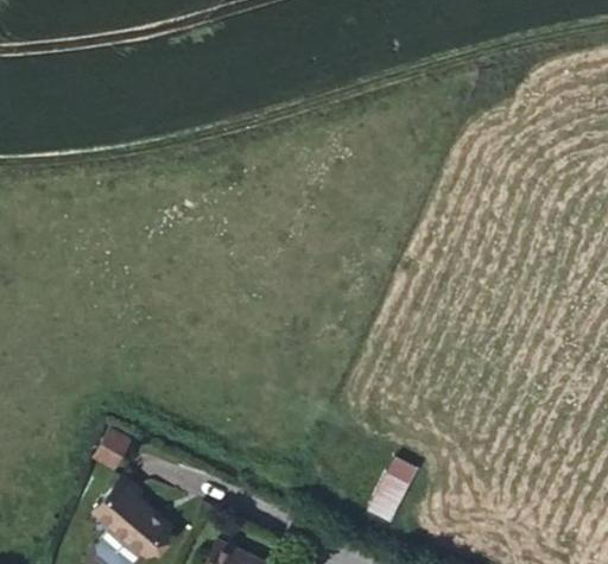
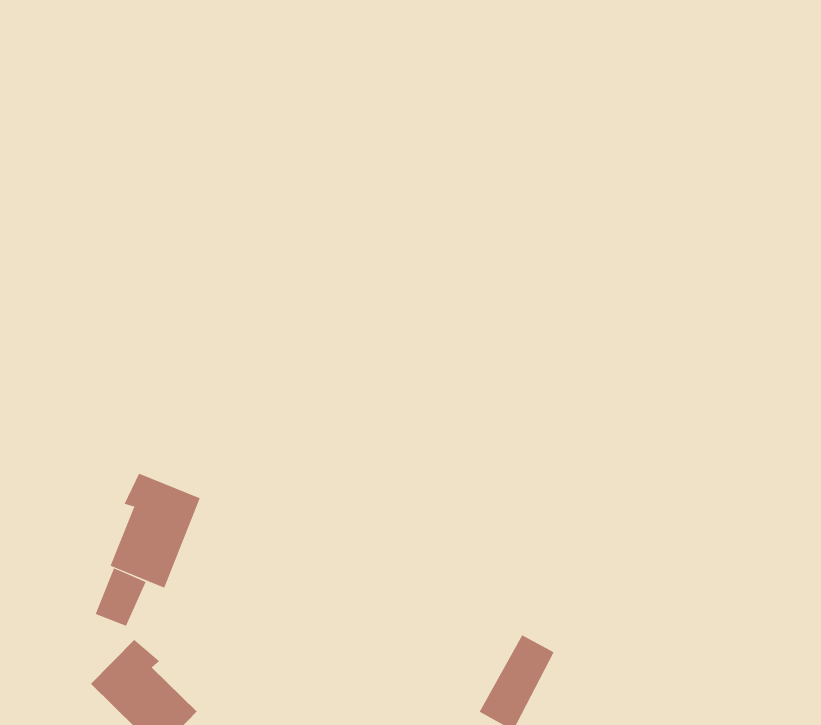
building: none -> [110,473,201,589]

